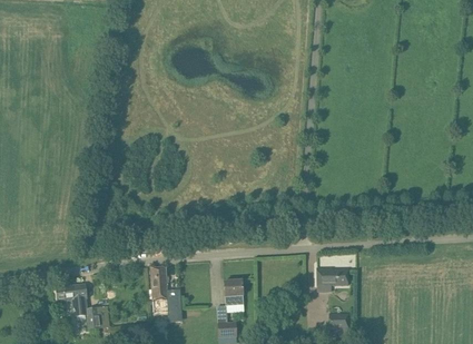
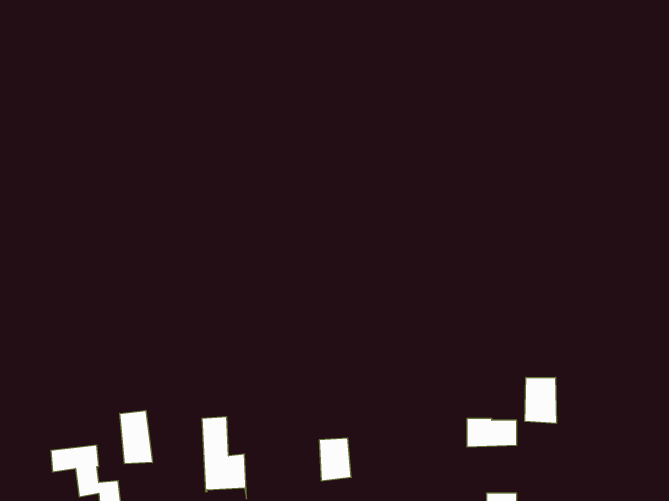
building: none -> [525,377,556,423]
building: none -> [120,410,152,464]

